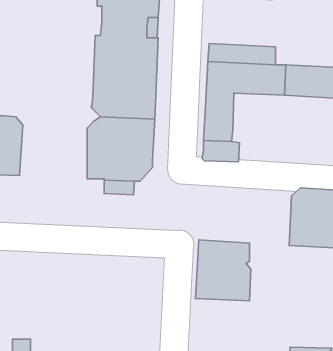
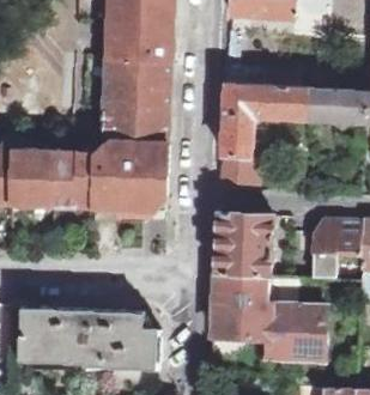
building: none -> [25,151,97,208]
building: none -> [216,212,271,276]
building: none -> [269,302,324,364]
building: none -> [19,306,159,370]

